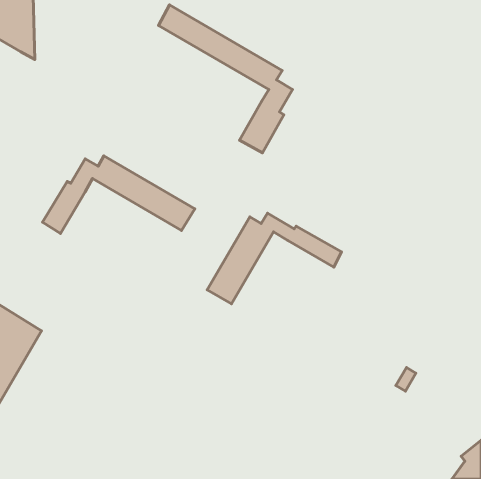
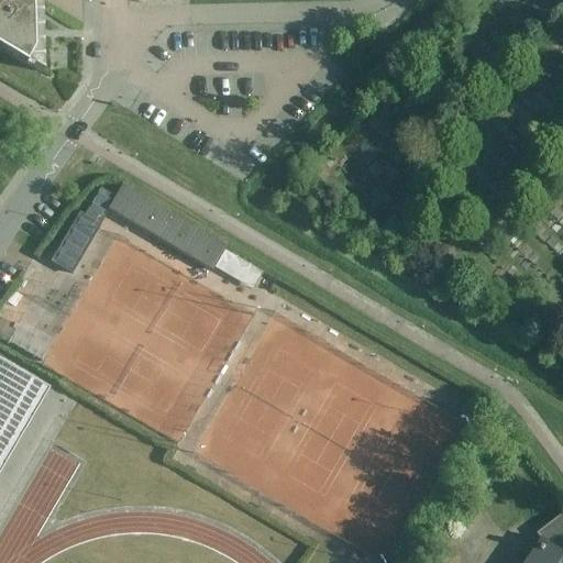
building: [158,5,293,153] -> none
building: [207,213,342,304] -> none

